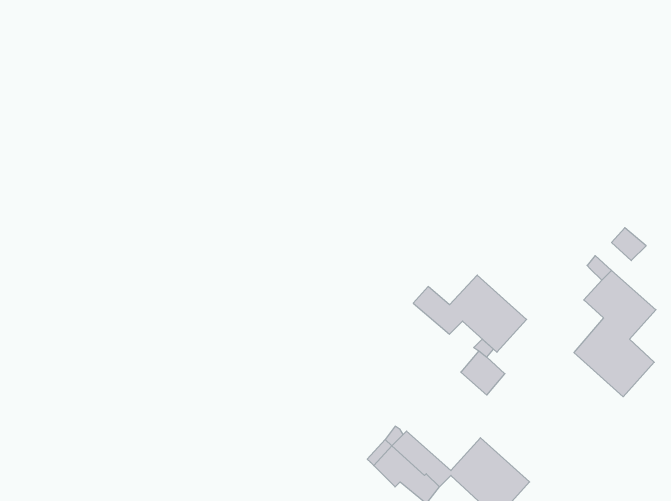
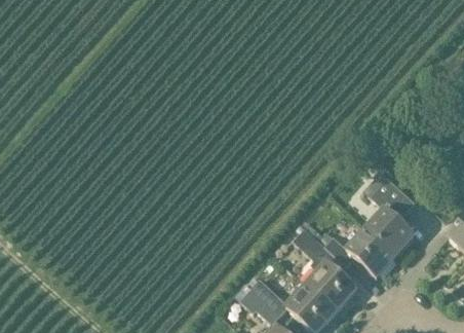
building: [413,275,527,352] -> [323,229,394,278]
building: none -> [305,261,355,310]

